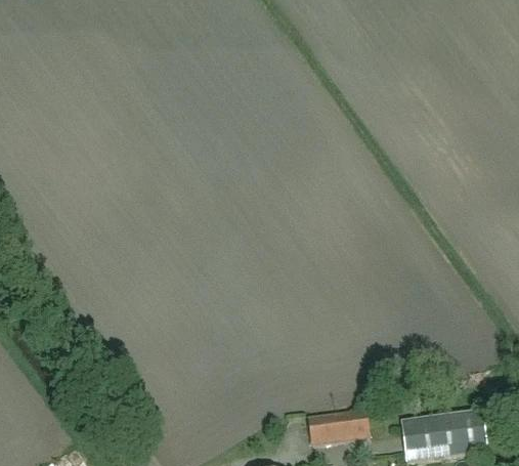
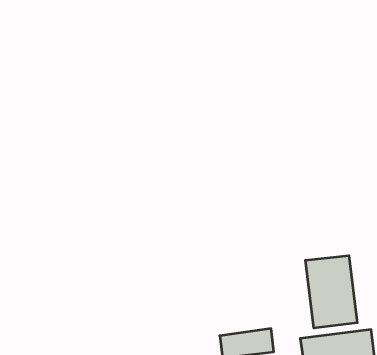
building: none -> [305,256,357,328]

